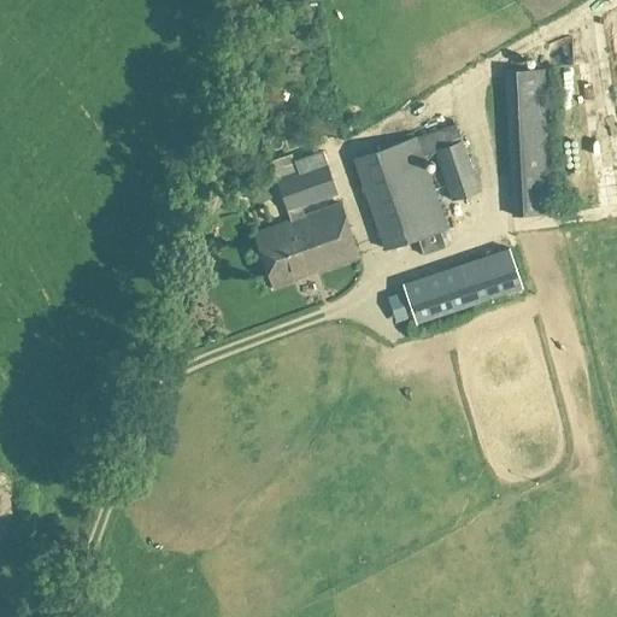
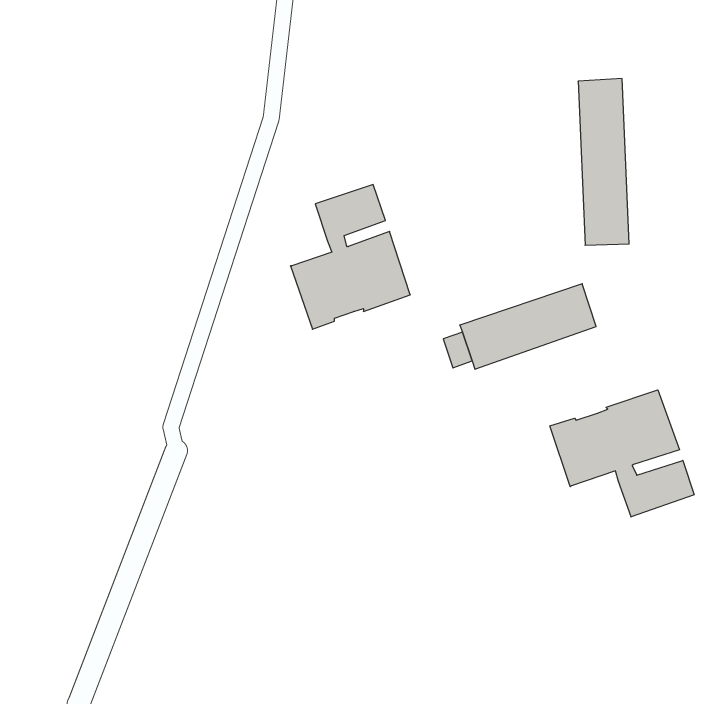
building: [355,123,480,254] -> none
building: none -> [550,390,694,517]

